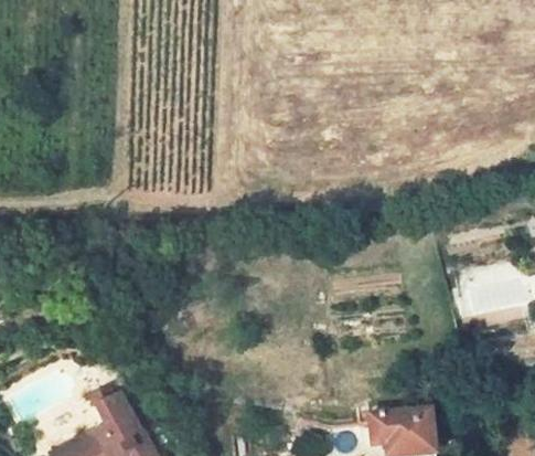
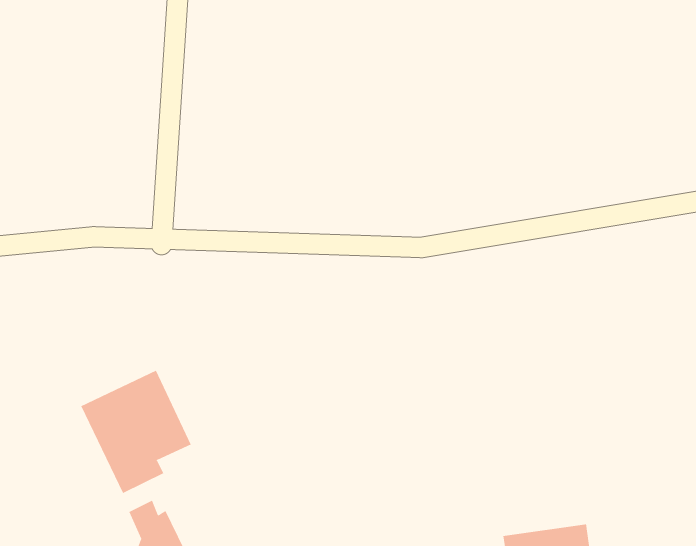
building: none -> [81,370,192,494]

